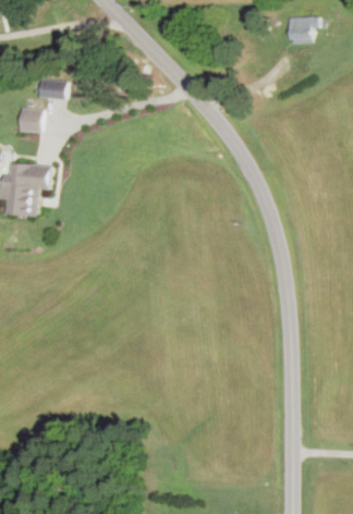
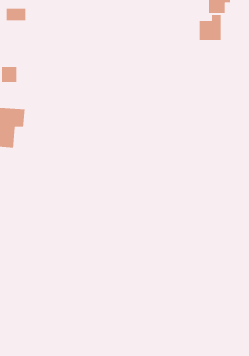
building: none -> [199,14,222,41]
building: [38,79,64,97] -> [6,8,26,21]

